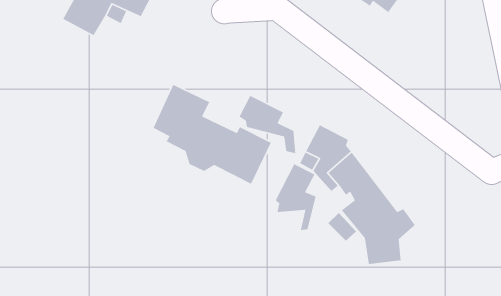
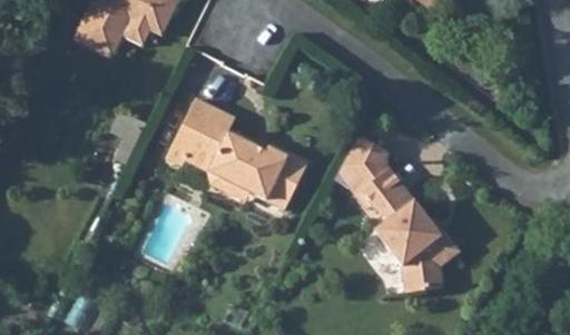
building: [239,95,296,154] -> none
building: [275,163,317,231] -> none

